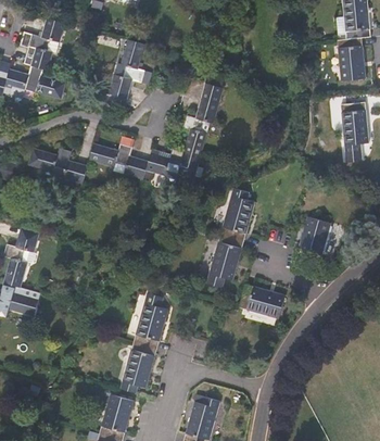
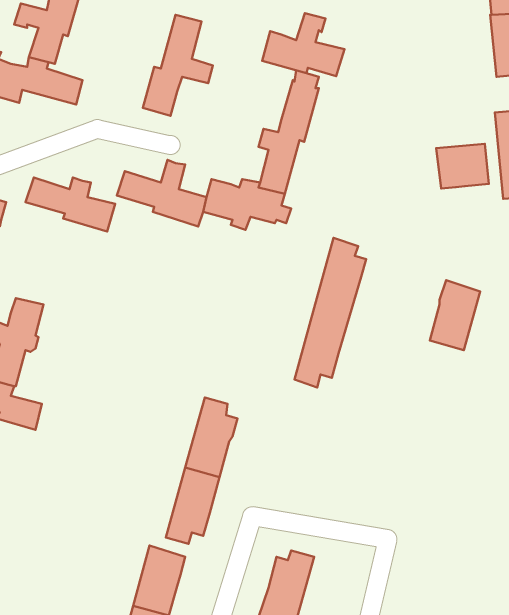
building: none -> [262,13,345,76]
building: none -> [436,144,489,189]
building: [239,284,284,318] -> none

